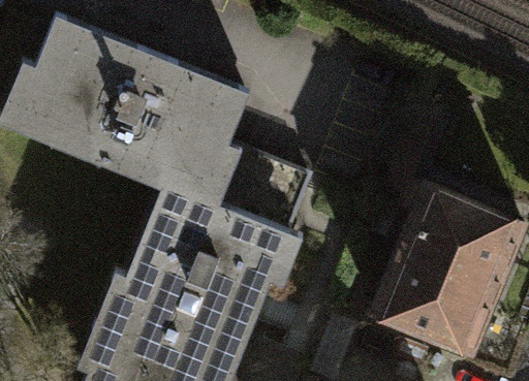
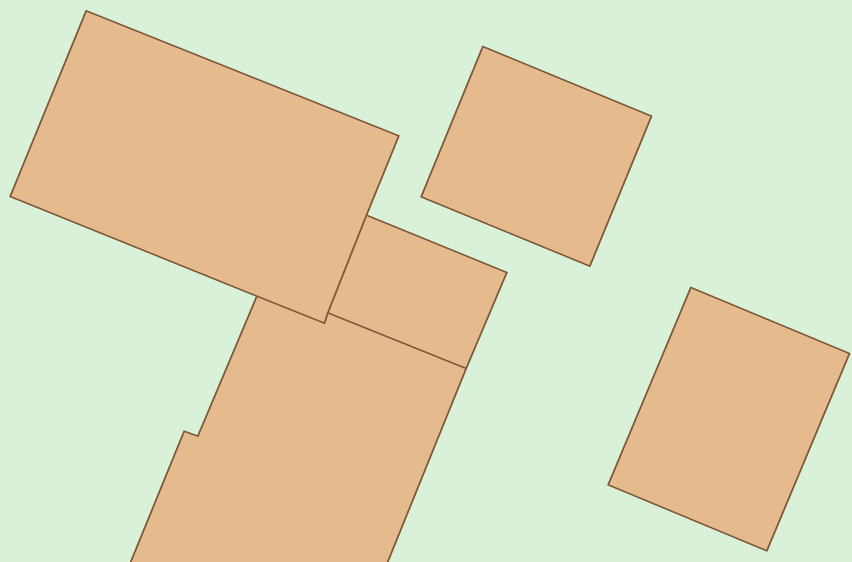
building: none -> [421,47,652,266]

